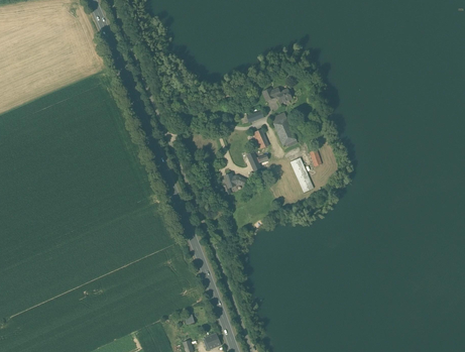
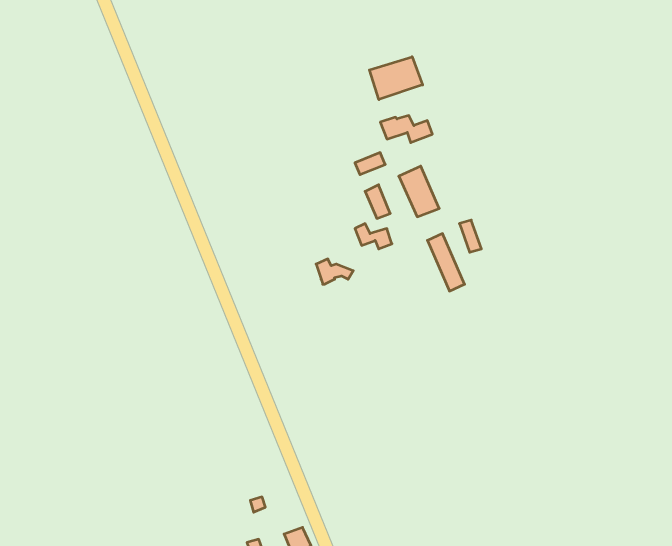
building: none -> [369,57,423,100]

